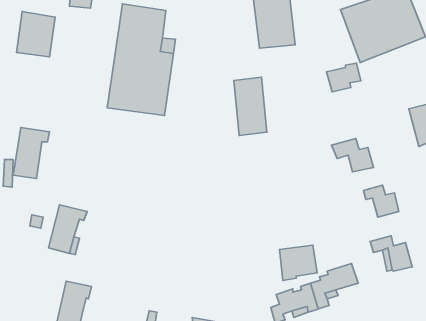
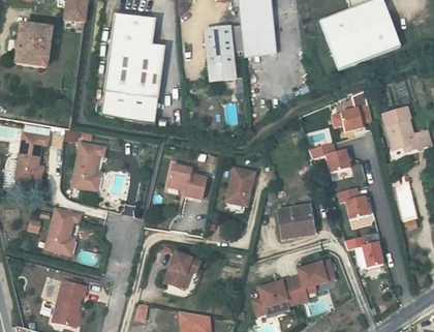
building: [327,63,361,92] -> [340,104,372,131]
building: [234,77,267,136] -> [204,28,235,83]
building: none -> [71,143,104,188]
building: none -> [167,162,208,197]
building: none -> [225,167,253,204]
building: [280,245,317,281] -> [278,204,313,237]
building: none -> [163,252,198,286]

